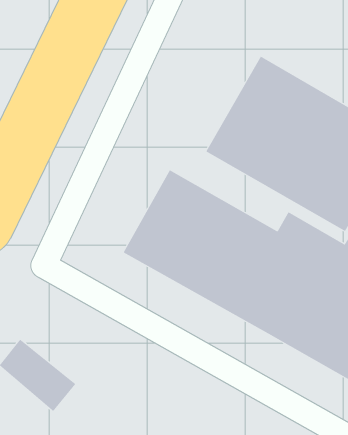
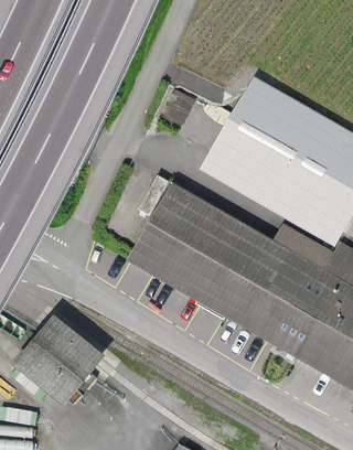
building: none -> [33,313,106,381]

